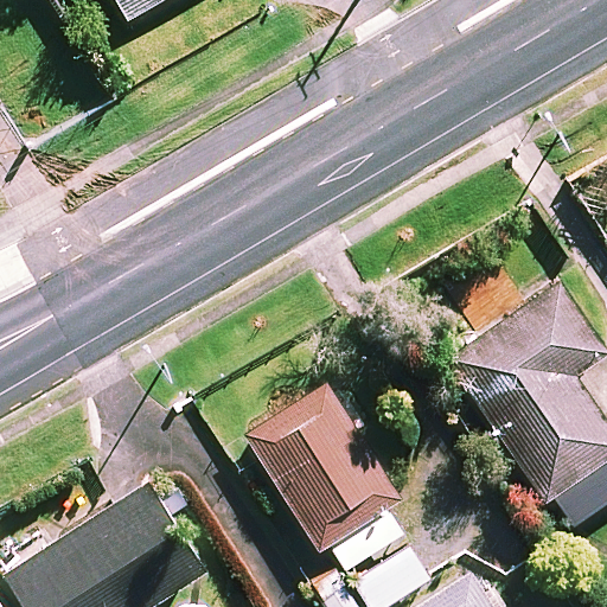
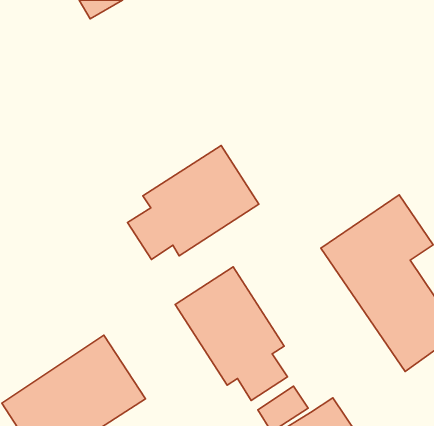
building: none -> [128,146,259,260]

